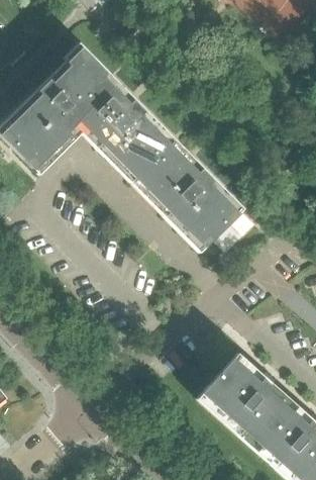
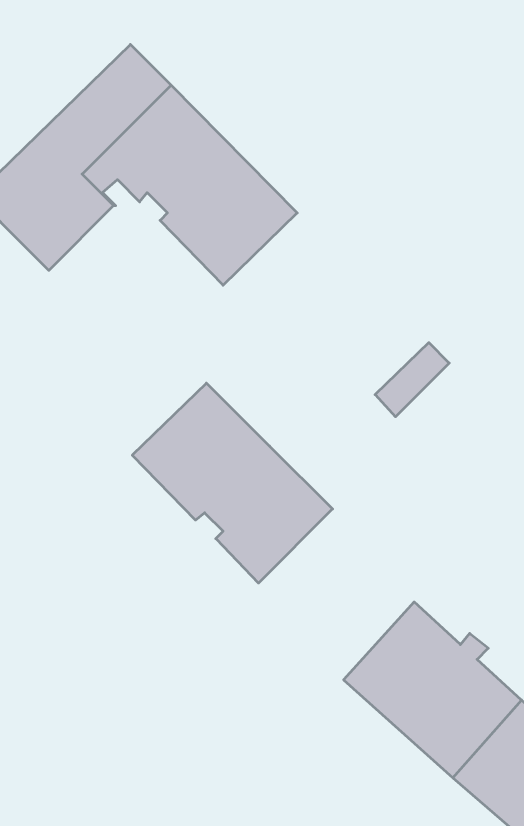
building: [135,143,244,253] -> [132,383,333,583]

